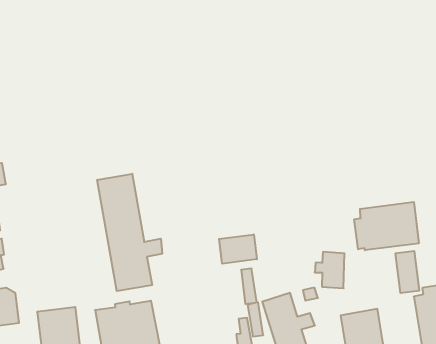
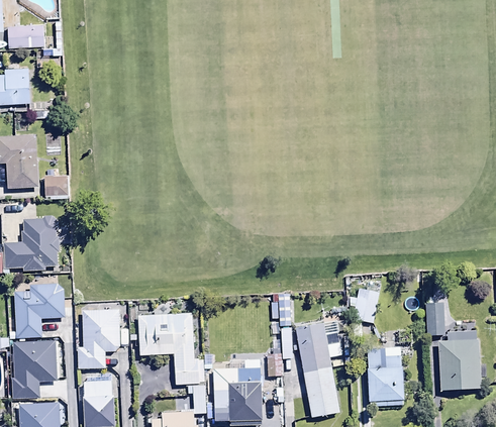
building: [97,174,162,291] -> none
building: [354,202,419,250] -> none
building: [219,234,257,264] -> none

